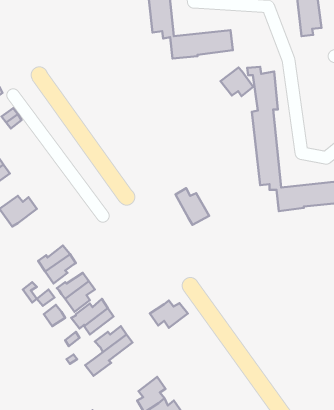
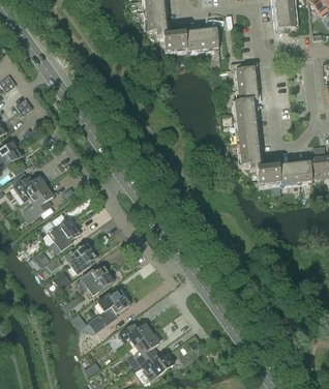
building: [220,68,253,96] -> none
building: [175,188,209,225] -> none
building: none -> [29,185,54,216]
building: [150,301,188,328] -> [119,321,152,345]

